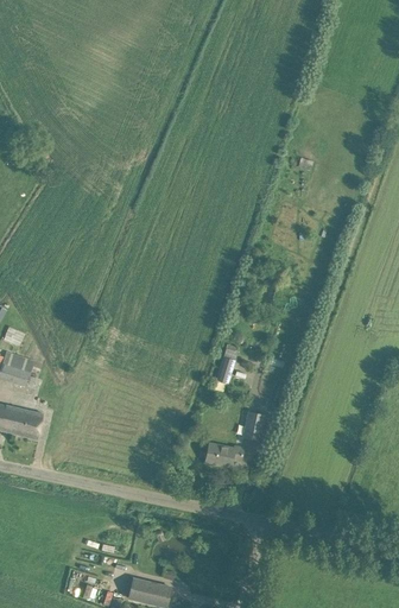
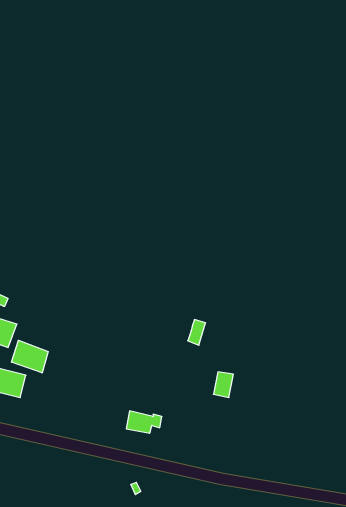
building: none -> [12,340,48,373]
building: [205,443,243,467] -> [126,411,162,433]

